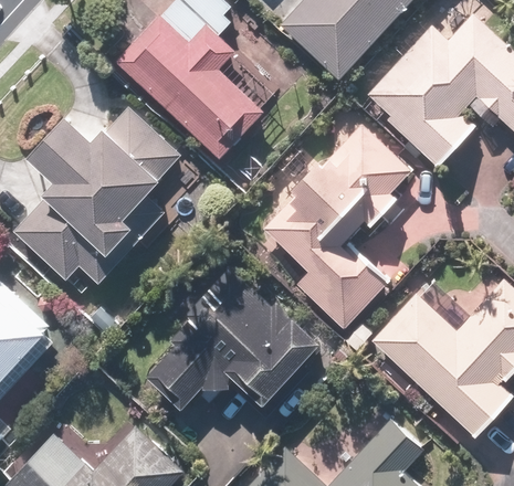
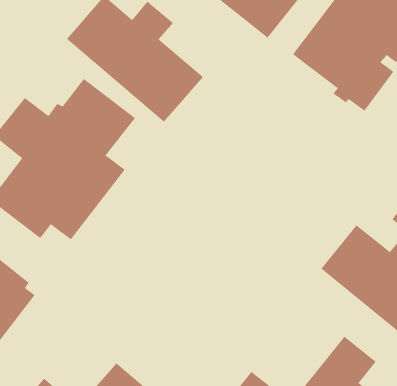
building: [259,124,410,329] -> none
building: [140,265,317,408] -> none

